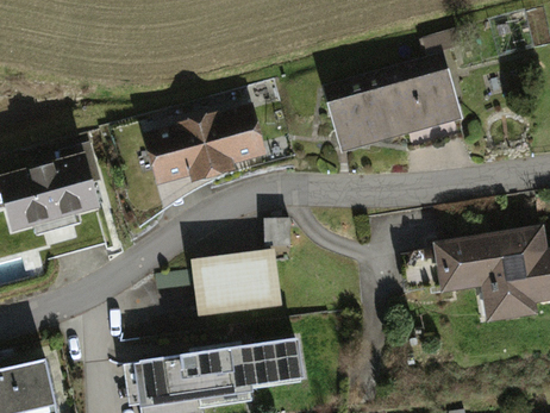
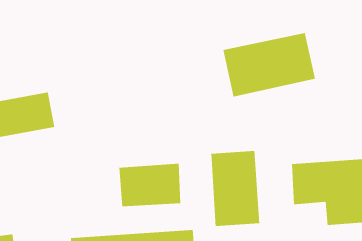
building: [139,100,270,186] -> none
building: none -> [211,150,260,227]

